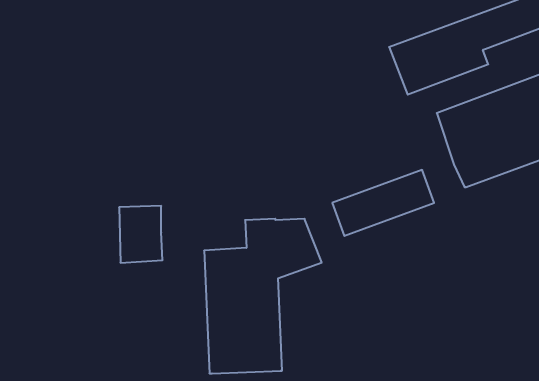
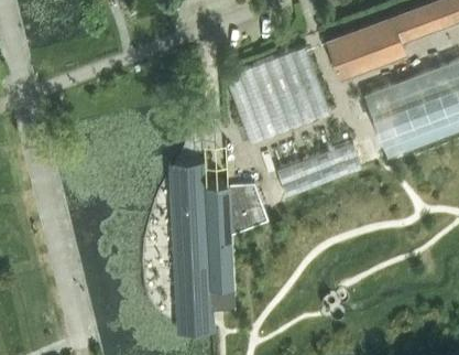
building: none -> [226,47,329,143]
building: [119,206,163,263] -> [170,163,206,211]

